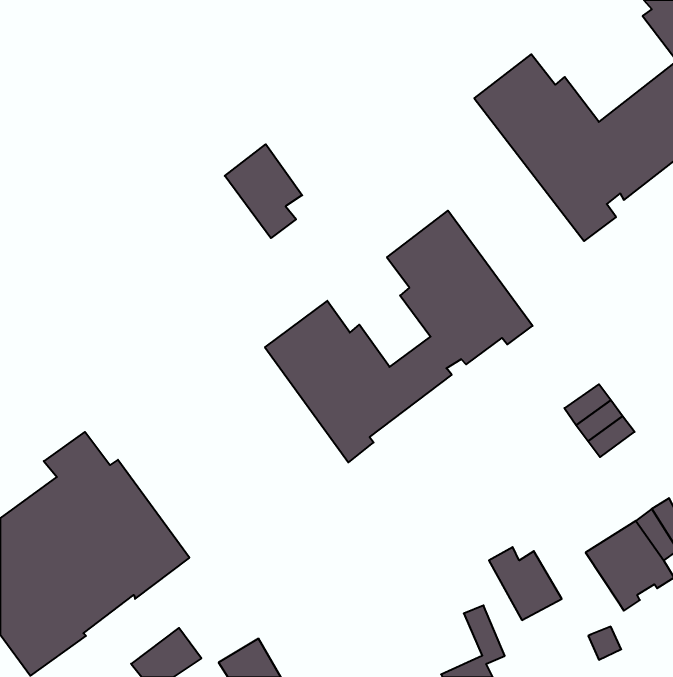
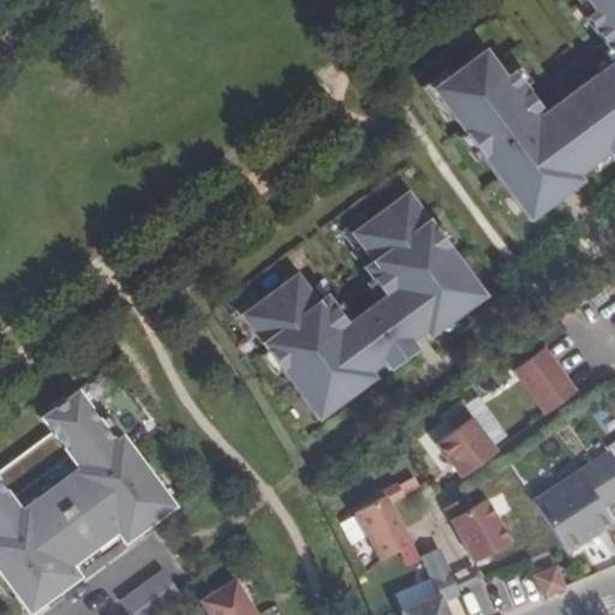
building: [225,144,302,238] -> none
building: none -> [437,407,497,478]
building: none -> [357,484,412,560]

